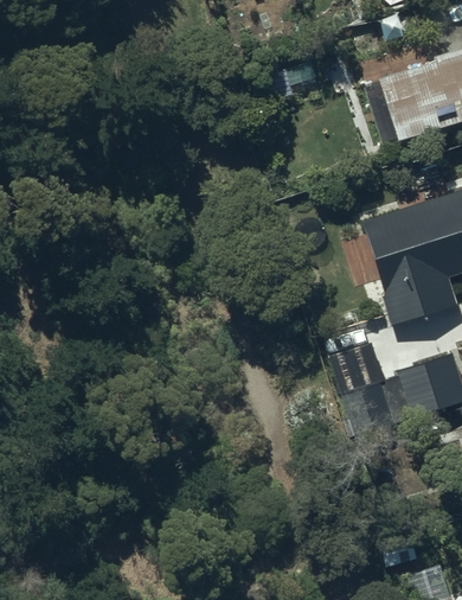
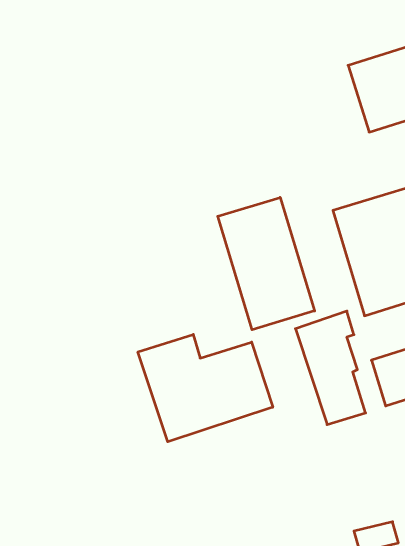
building: none -> [218,197,315,330]
building: none -> [138,334,273,442]

